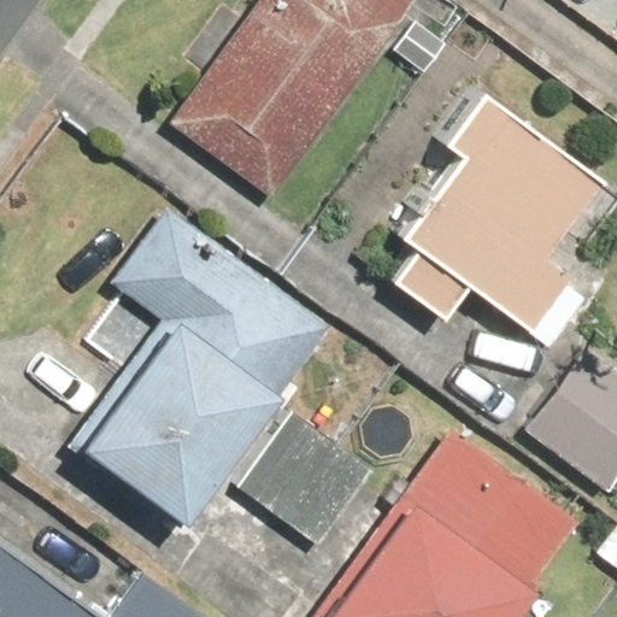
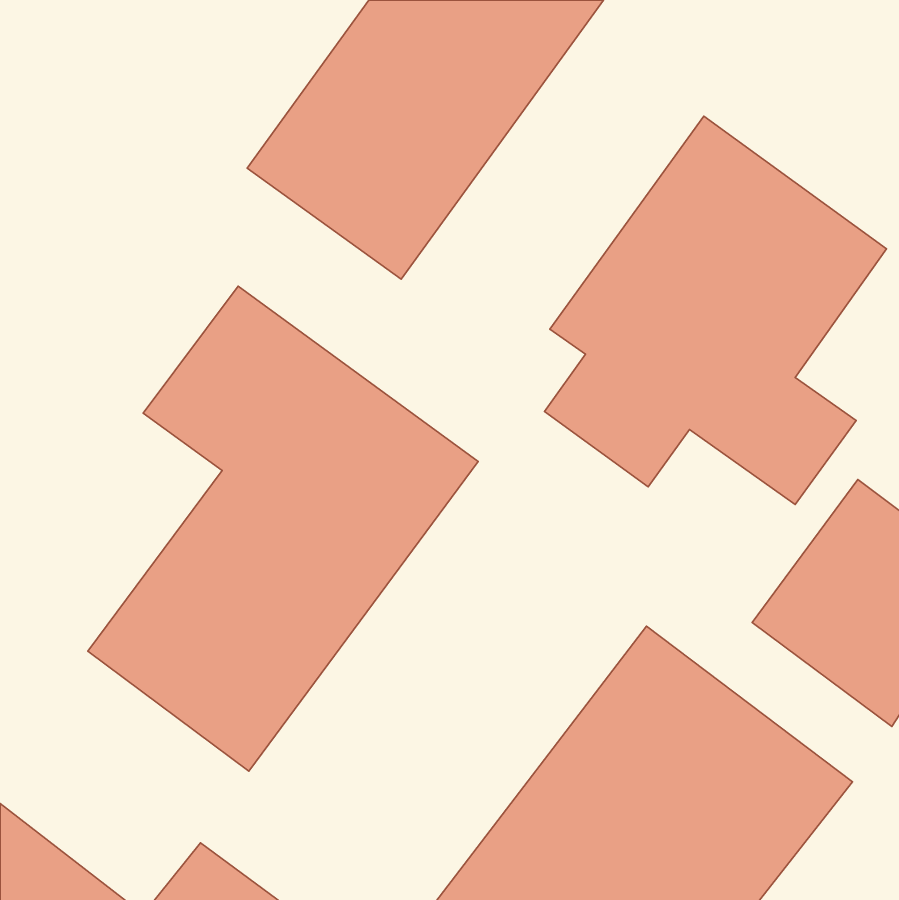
building: [231,406,372,548] -> none

